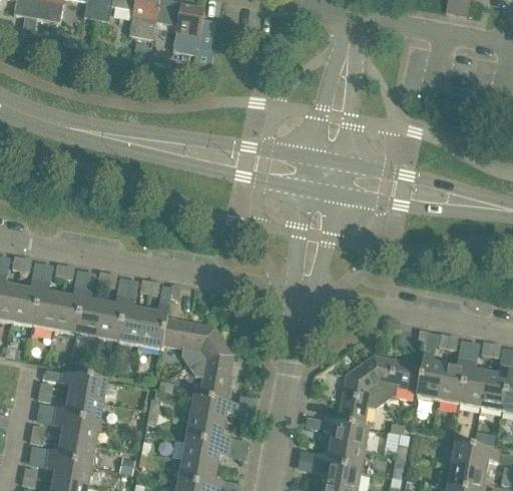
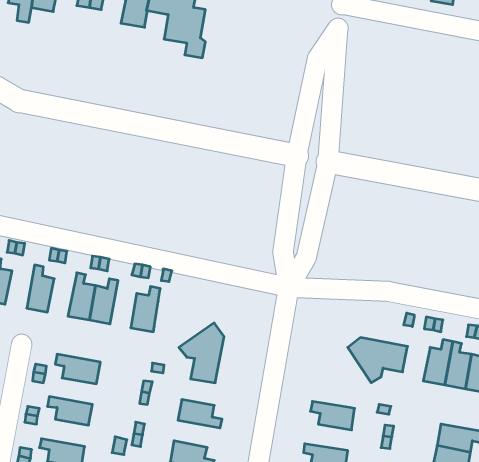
building: [10,280,40,325] -> none
building: [53,287,83,333] -> none
building: [117,297,144,345] -> none
building: [162,318,223,365] -> none
building: [415,351,444,399] -> none
building: [337,365,384,426] -> none
building: [55,396,103,423] -> none
building: [190,396,237,424] -> none
building: [47,438,95,466] -> none
building: [182,439,229,467] -> none
building: [316,443,364,470] -> none

